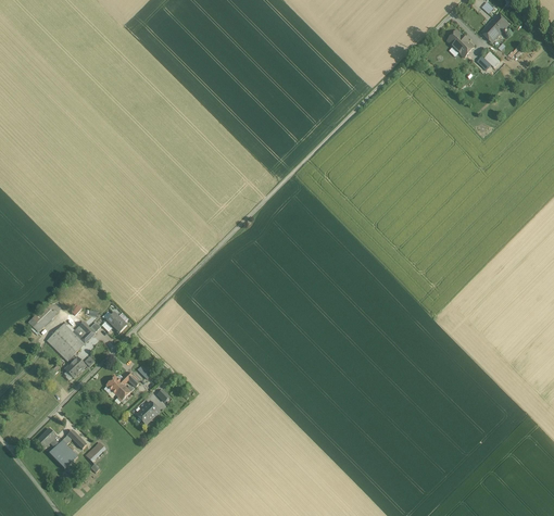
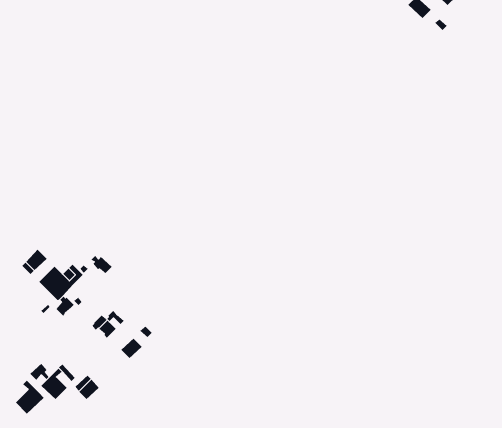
building: none -> [15,380,45,414]

